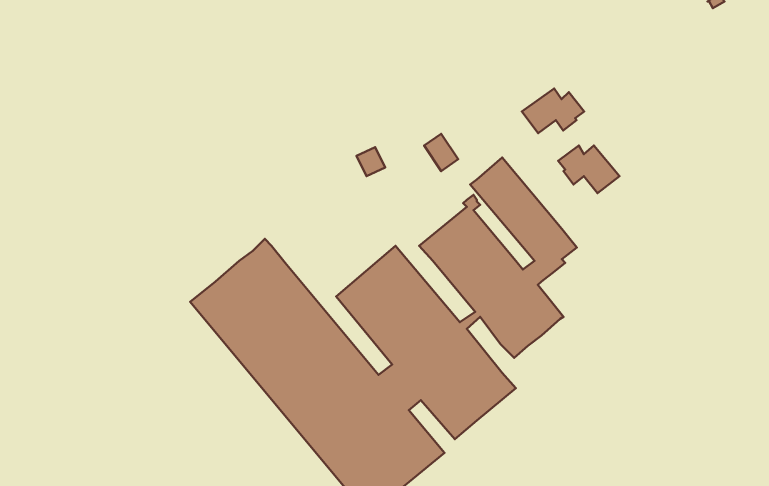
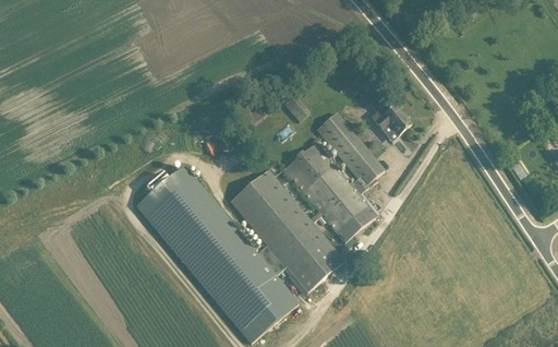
building: [522,89,584,133] -> none

